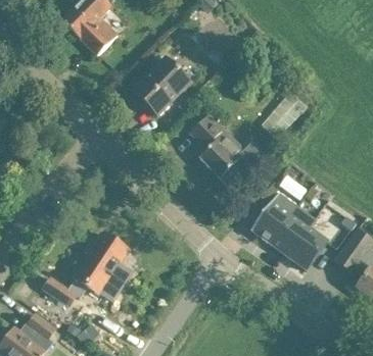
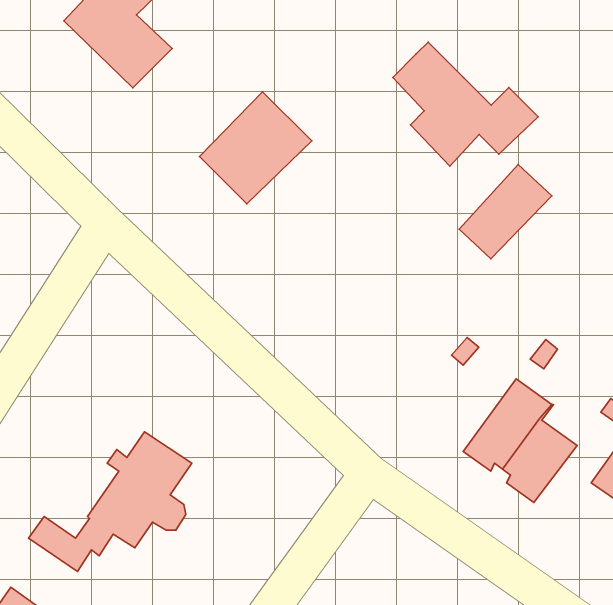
building: [190,113,266,177] -> [393,42,538,166]
building: [250,191,296,243] -> none

